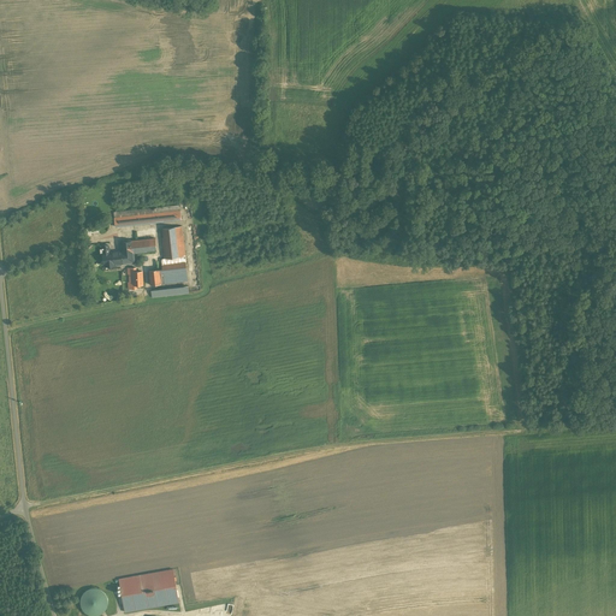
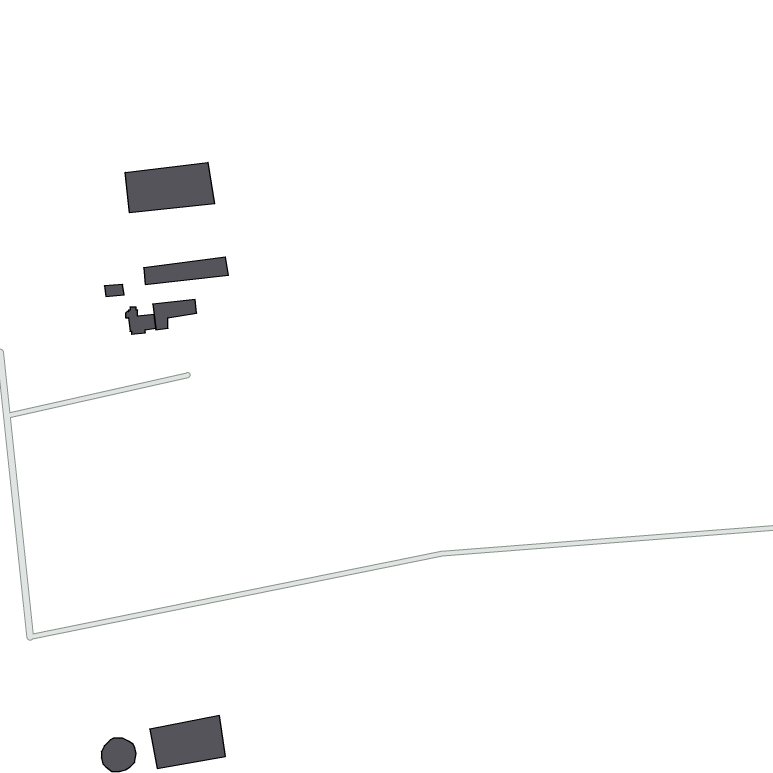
building: none -> [125,162,215,213]
building: [148,226,189,285] -> none

